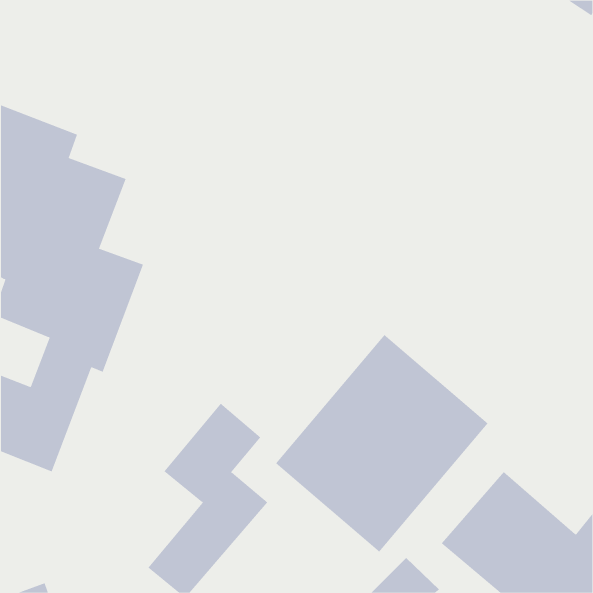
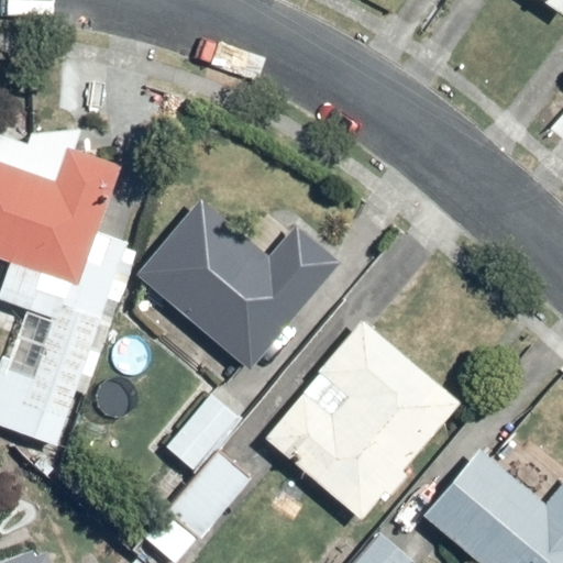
building: none -> [134,199,340,371]

